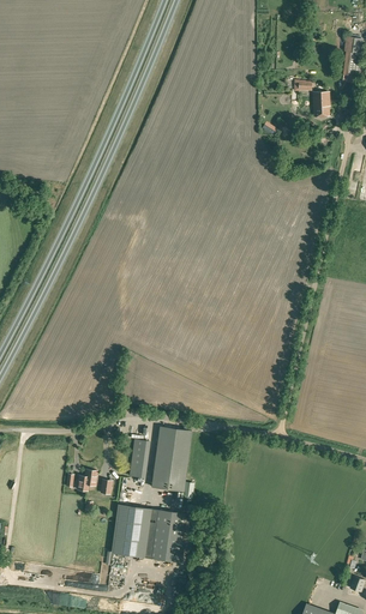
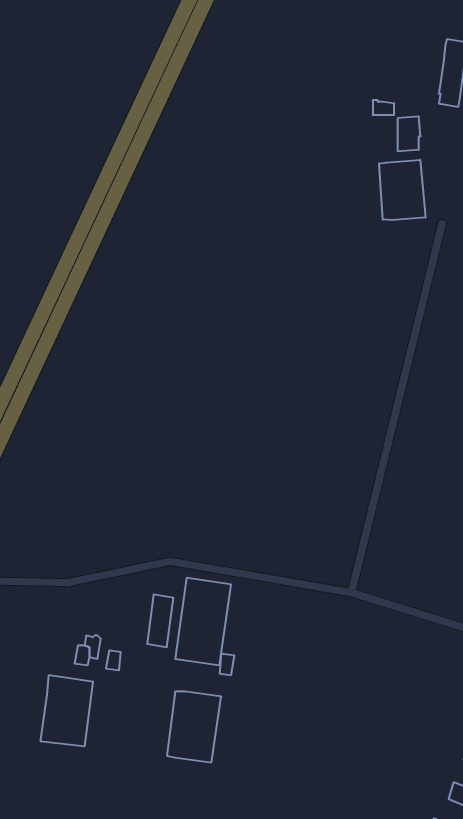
building: none -> [379,160,425,220]
building: [112,505,150,556] -> [40,675,93,746]

